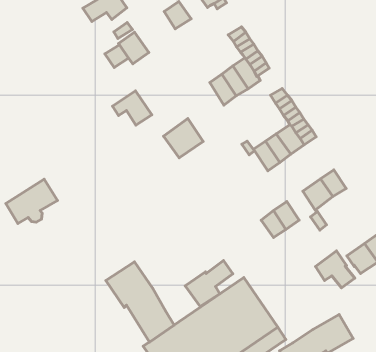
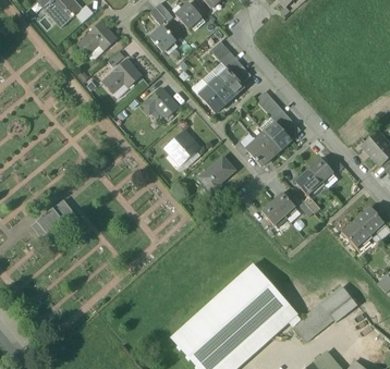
building: [113,91,152,125] -> [143,87,179,118]
building: none -> [199,156,234,192]
building: [315,251,355,288] -> none
building: [185,260,233,307] -> none
building: [106,262,174,342] -> none

